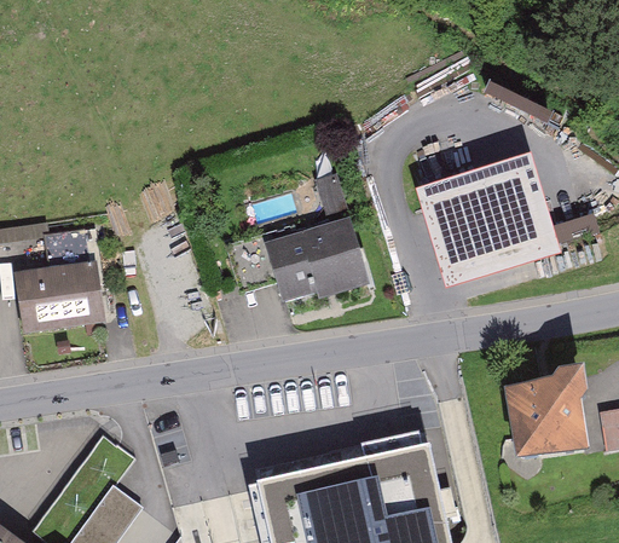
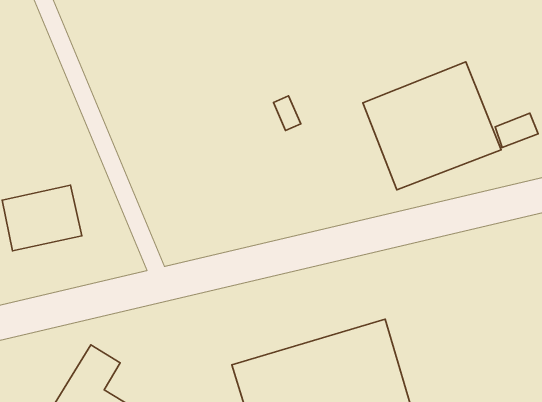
building: [270,221,364,298] -> none
building: [507,365,586,454] -> none

